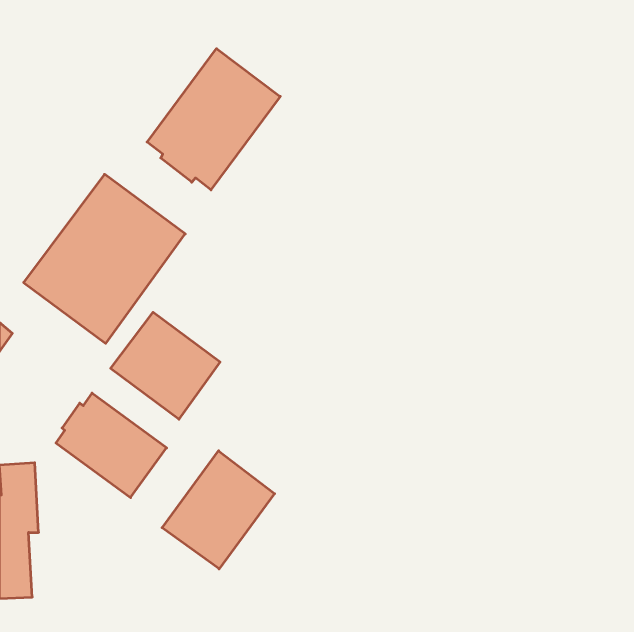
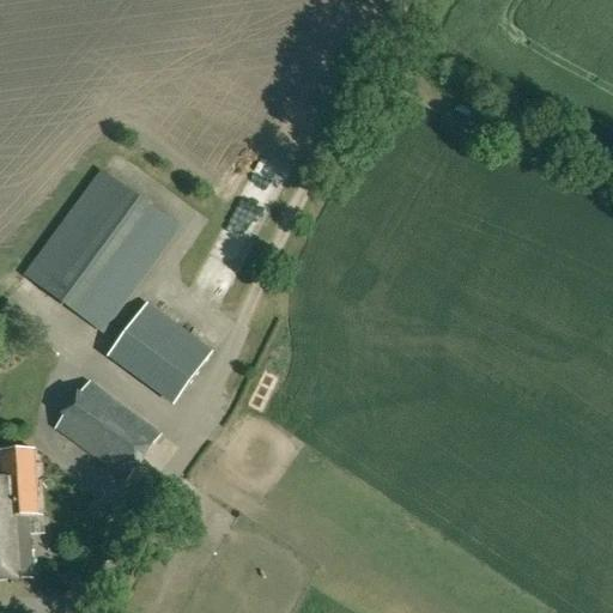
building: [147,49,280,190] -> none
building: [162,451,275,569] -> none

